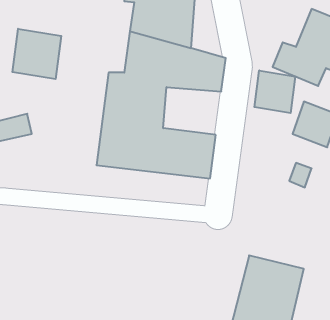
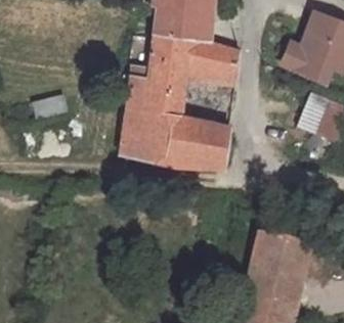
building: [12,29,61,79] -> none
building: [254,70,295,113] -> none

